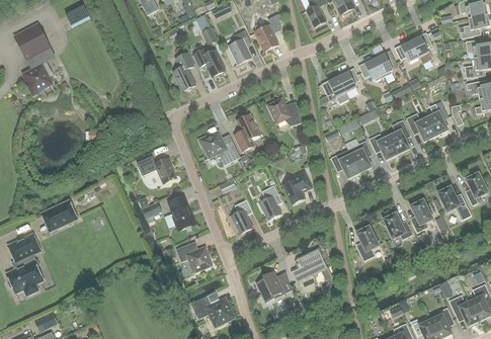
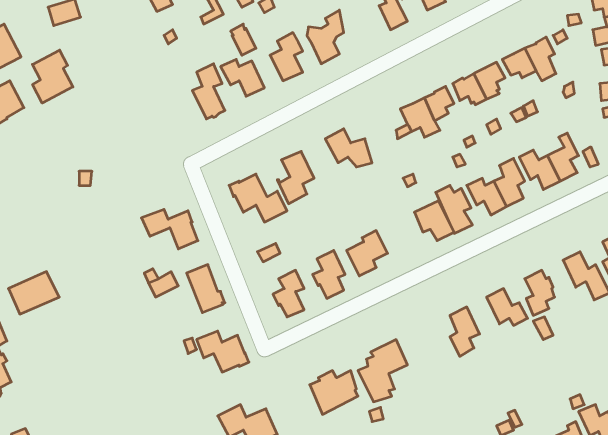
building: none -> [32,50,73,103]

